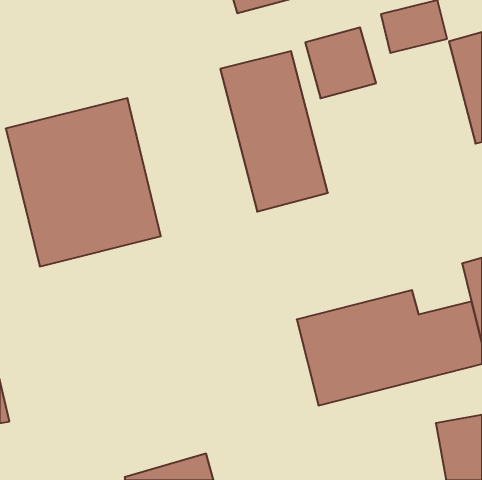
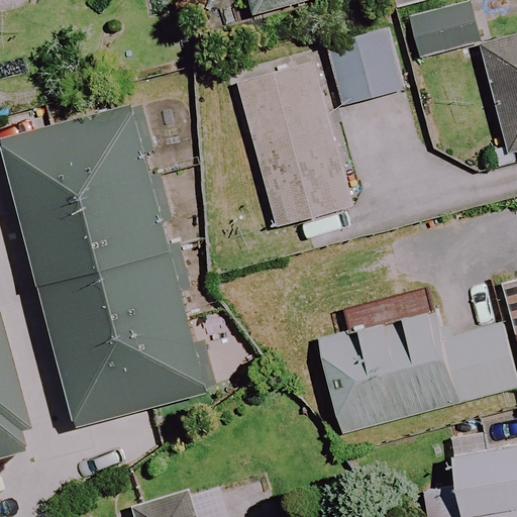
building: none -> [42,251,213,424]

